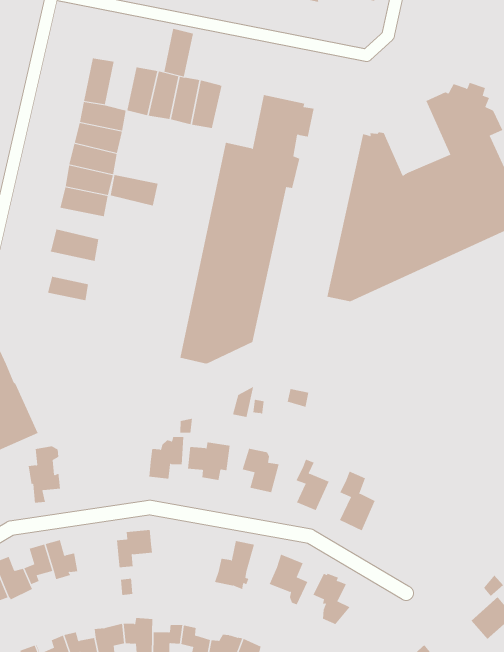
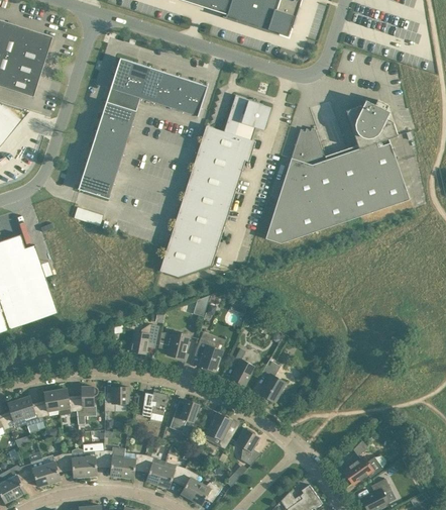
building: [164,28,194,77] -> [125,63,148,97]
building: [110,175,159,206] -> [83,160,117,184]
building: [28,446,61,503] -> [75,386,97,424]
building: none -> [141,392,168,421]

